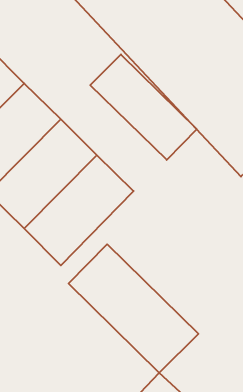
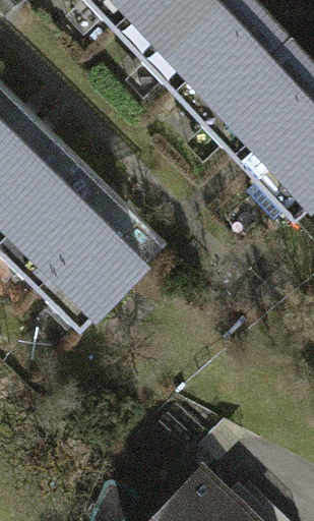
building: [90,54,197,160] -> none
building: [69,244,198,373] -> none

